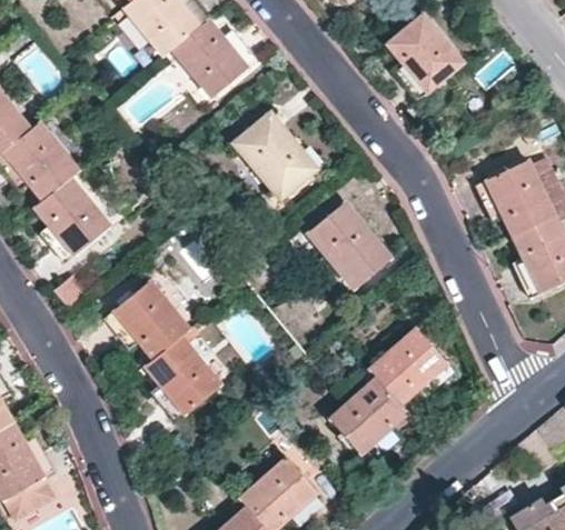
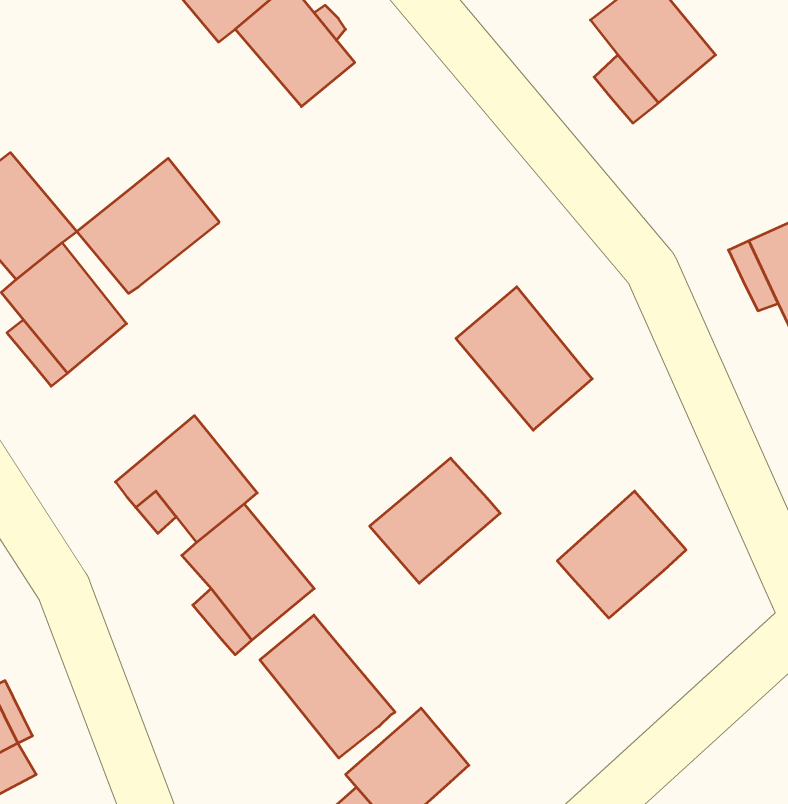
building: [235,113,318,200] -> none
building: none -> [77,158,219,293]
building: [329,378,408,453] -> [370,458,500,583]
building: none -> [260,615,395,758]

